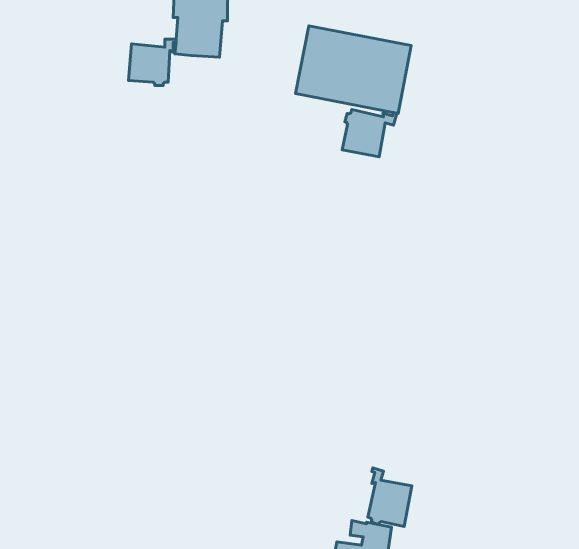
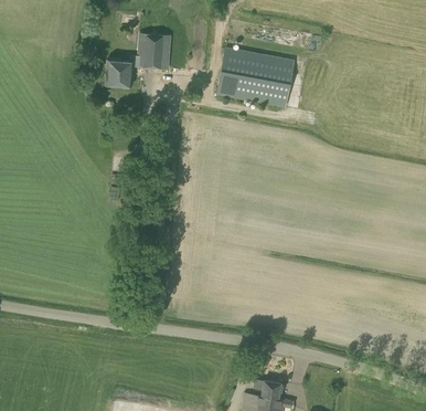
building: [342,109,397,157] -> none
building: [368,468,412,526] -> none

